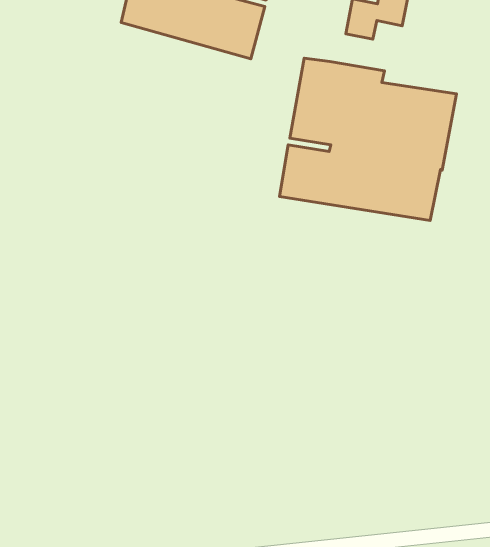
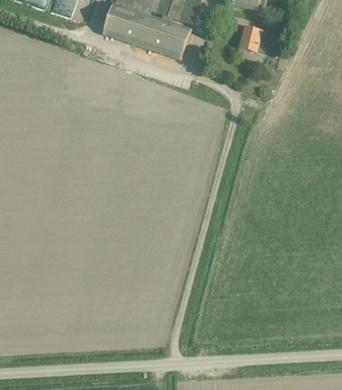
building: [280,58,456,221] -> none

